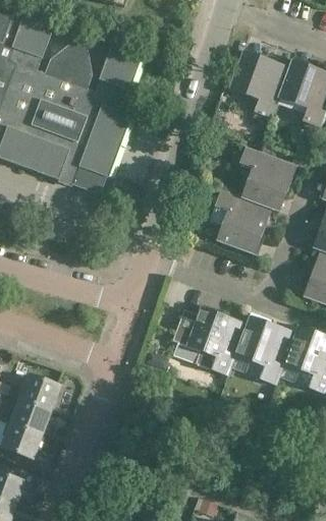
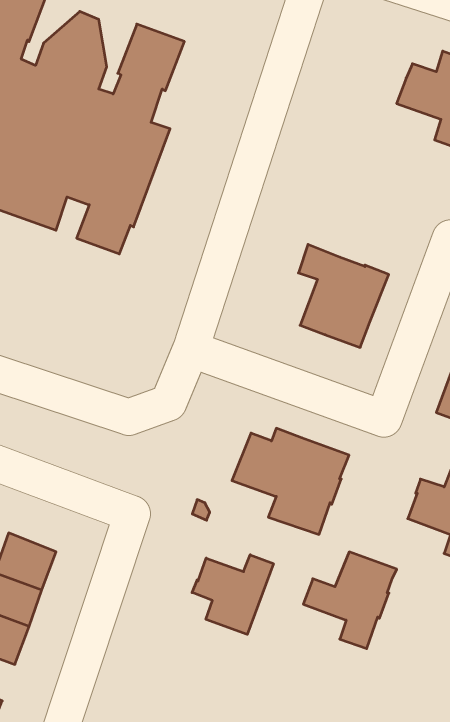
building: [228,50,289,118] -> none
building: [238,146,296,202] -> none
building: [235,322,295,384] -> [303,552,397,649]
building: none -> [192,555,273,634]

